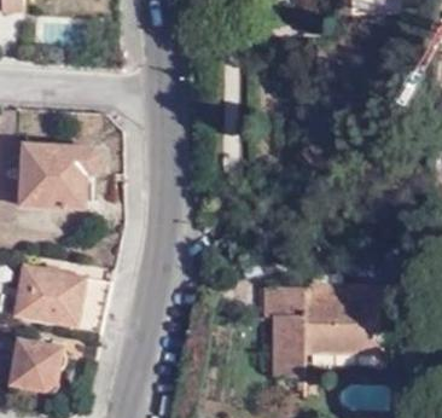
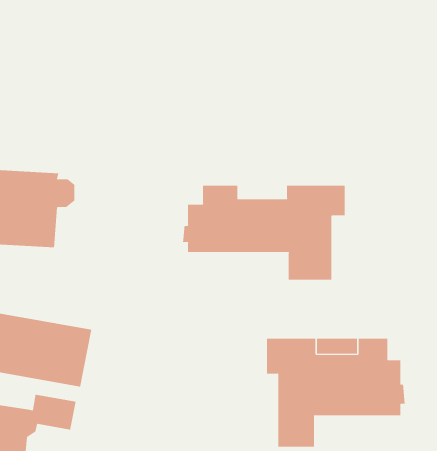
building: none -> [182,185,345,281]

